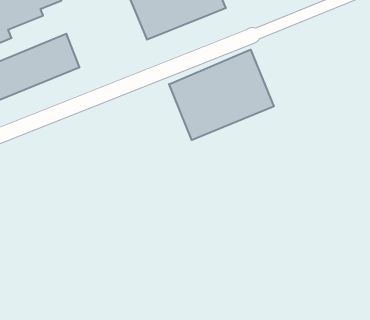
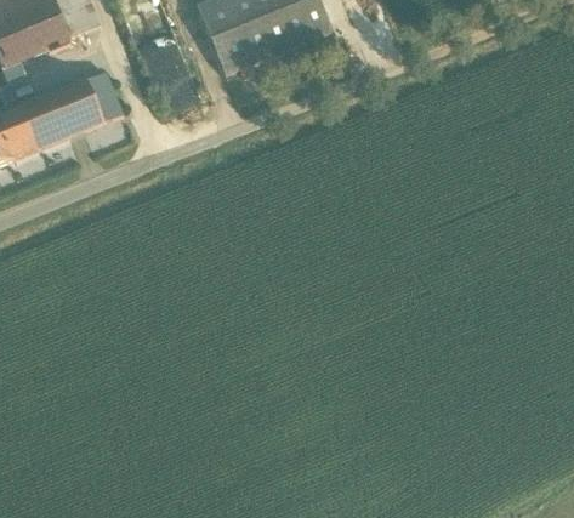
building: [169,50,274,140] -> none

